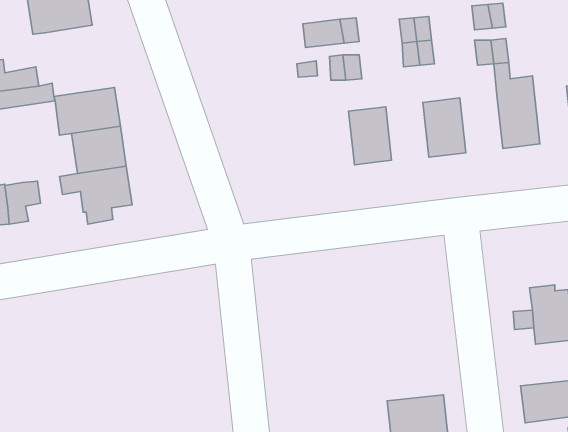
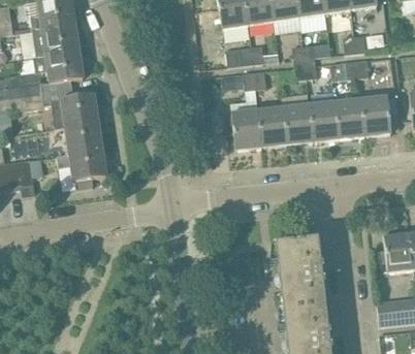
building: none -> [46,50,84,82]
building: none -> [336,98,365,138]
building: none -> [284,103,314,143]
building: none -> [232,109,262,150]
building: none -> [273,239,324,311]

